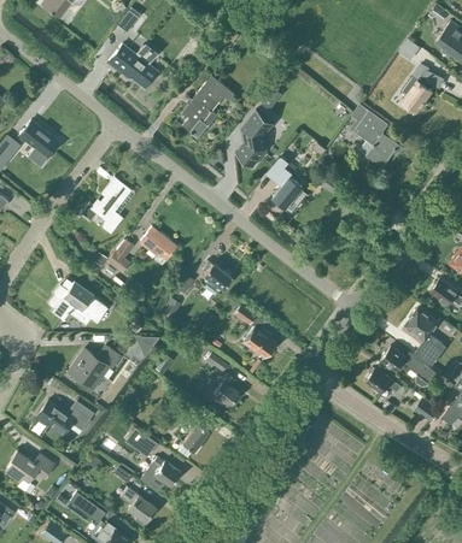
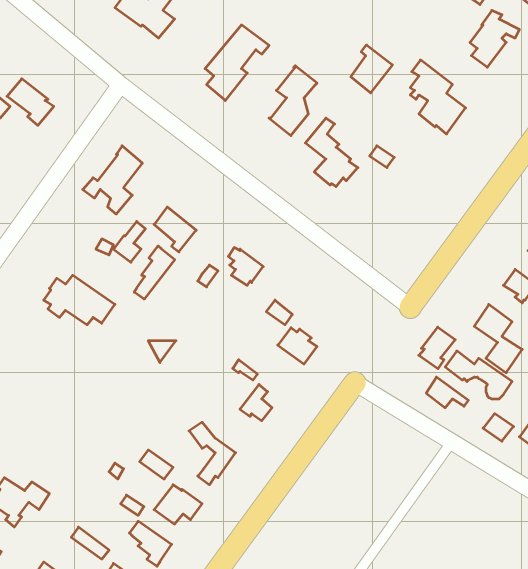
building: none -> [351,45,392,93]
building: none -> [134,246,175,299]
building: none -> [419,327,455,369]
building: [68,346,121,390] -> none
building: [36,401,93,435] -> none

